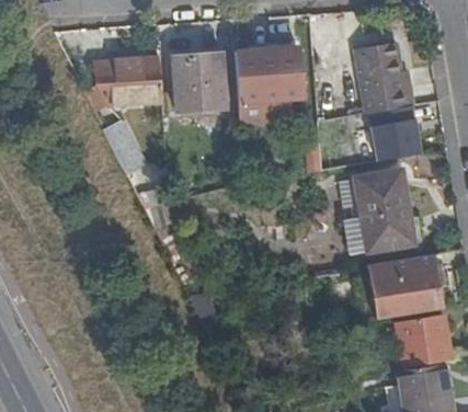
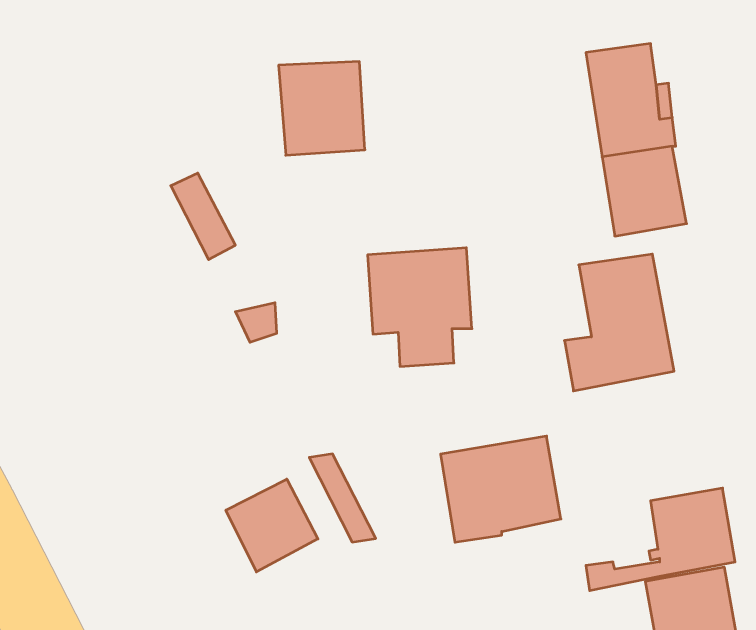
building: [236,46,299,118] -> [368,248,472,366]
building: [95,58,161,104] -> none
building: [366,253,440,318] -> [441,436,561,542]
building: none -> [226,479,318,572]

